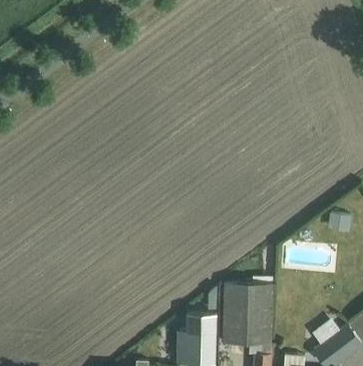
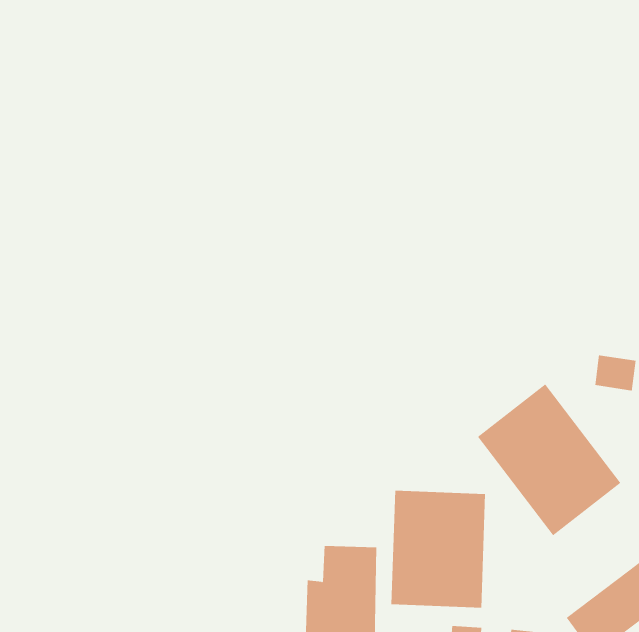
building: none -> [477,384,621,536]

